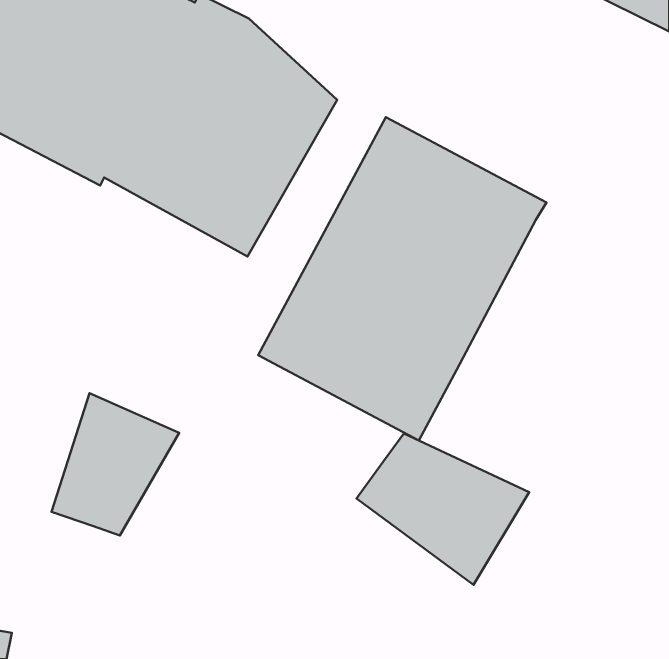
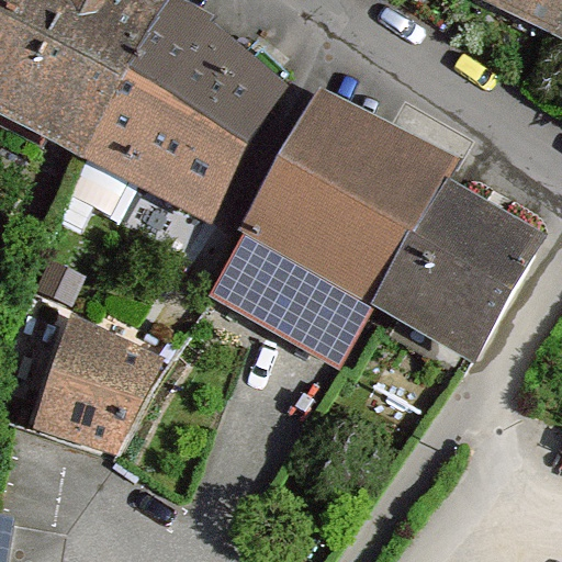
building: none -> [381,183,535,357]
building: [357,434,529,585] -> none

